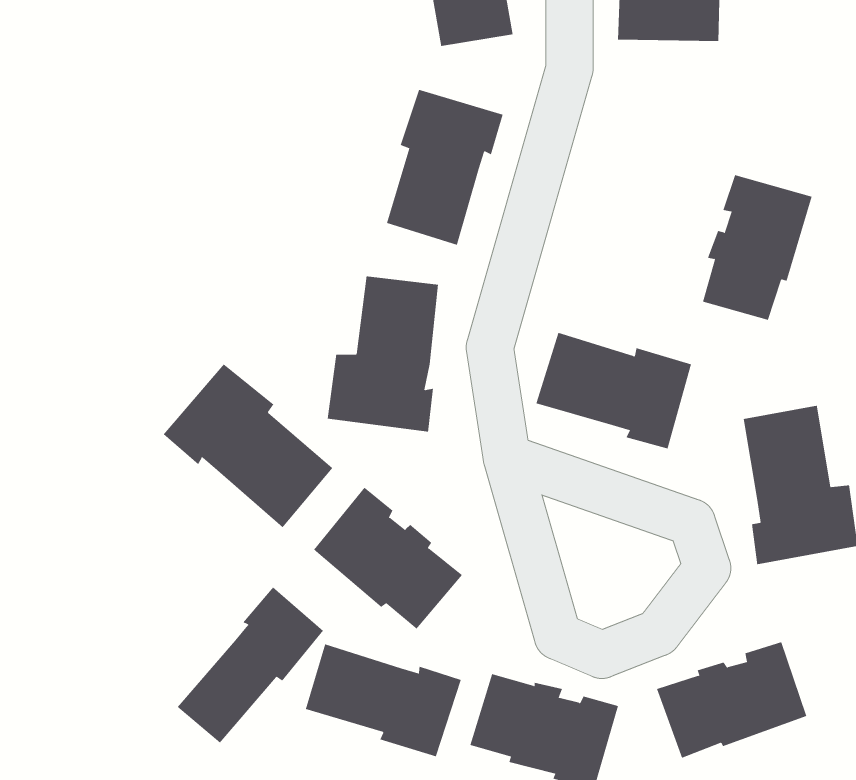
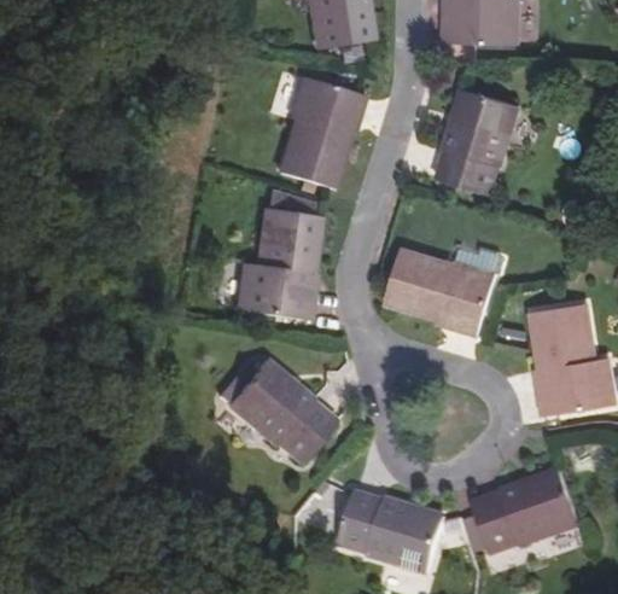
building: [702,174,812,321] -> [439,88,518,192]
building: [163,363,333,528] -> none
building: [177,587,324,743] -> none
building: [305,643,462,757] -> none

